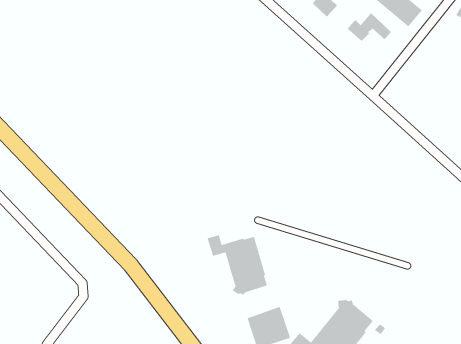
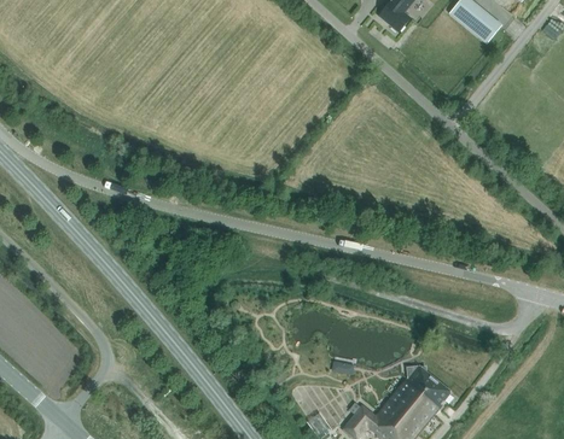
building: [346,12,392,42] -> none
building: [206,234,268,296] -> none

